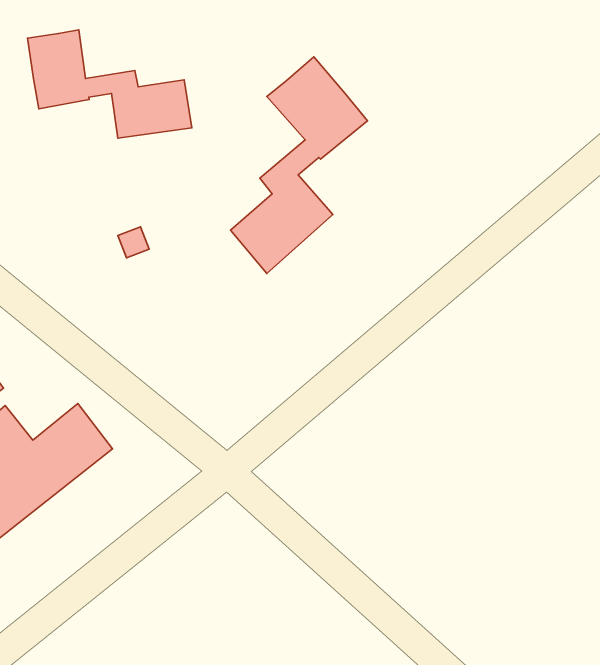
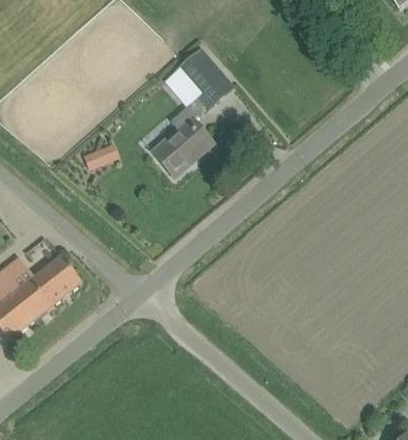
building: [28,30,192,138] -> none

